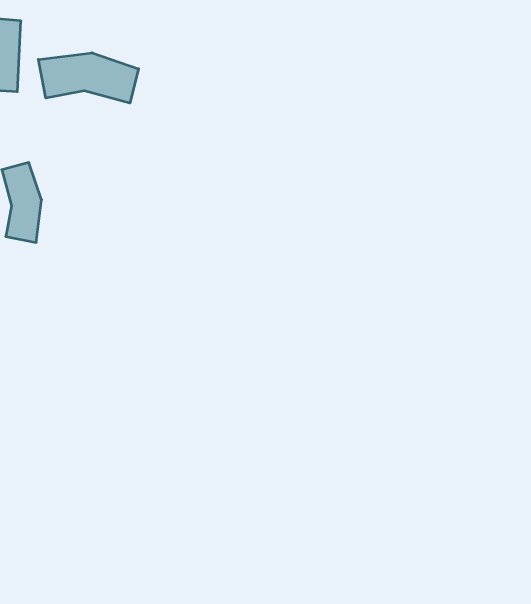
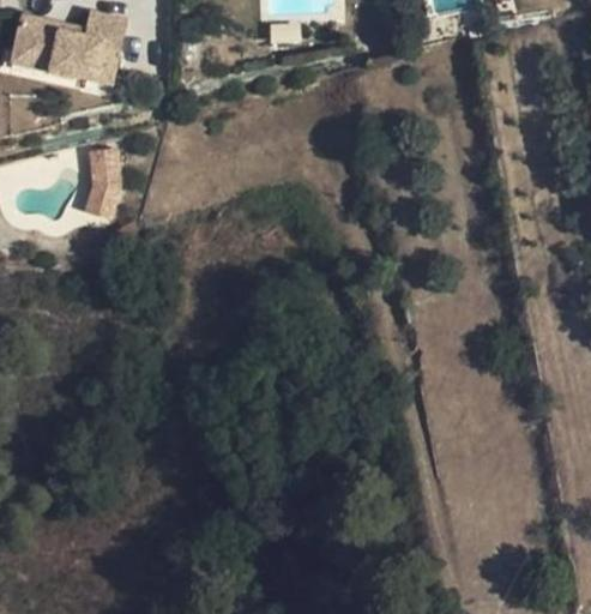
building: [38,53,139,103] -> none

